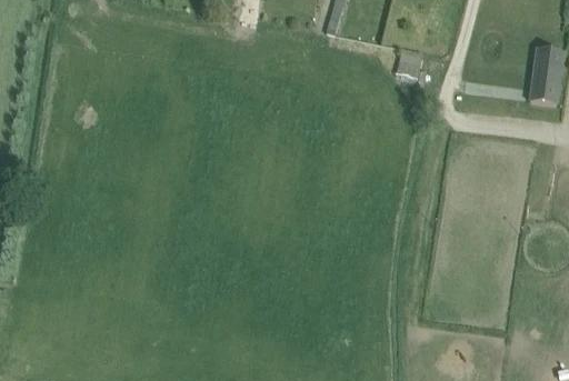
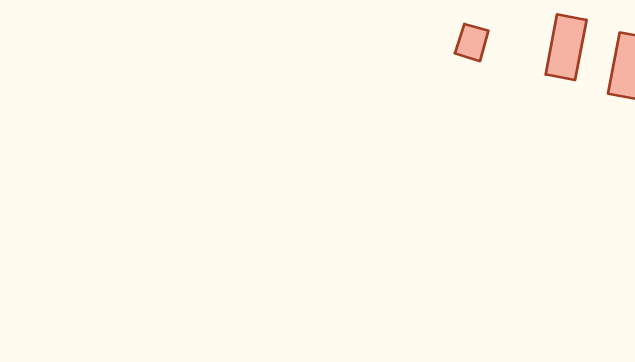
building: none -> [546,14,586,80]

